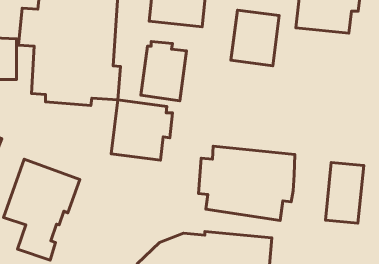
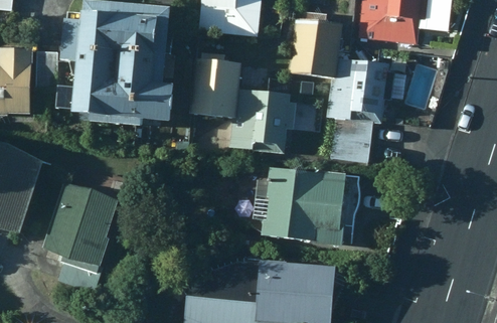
building: none -> [330,58,396,164]
building: [111,100,173,160] -> [230,90,297,155]
building: [325,162,364,223] -> none

